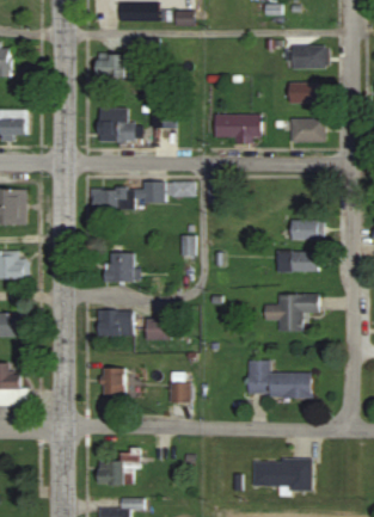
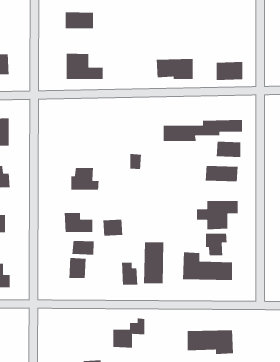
building: [290,45,326,68] -> none
building: [288,81,319,103] -> none
building: [92,180,194,209] -> [163,119,243,142]
building: none -> [205,233,228,256]
building: none -> [72,240,94,255]
building: none -> [143,241,164,284]
building: [98,447,140,486] -> [112,317,145,348]

